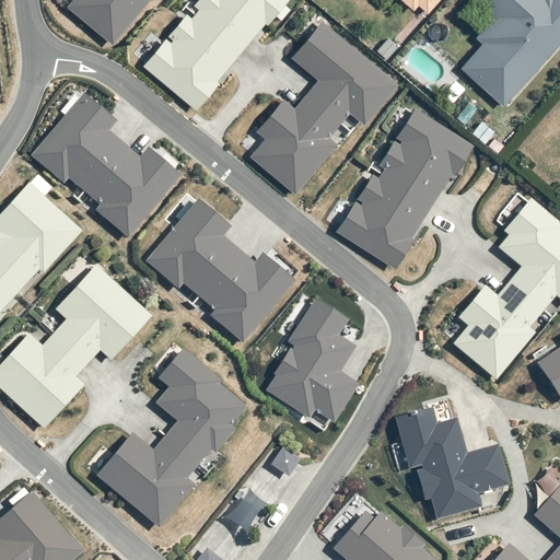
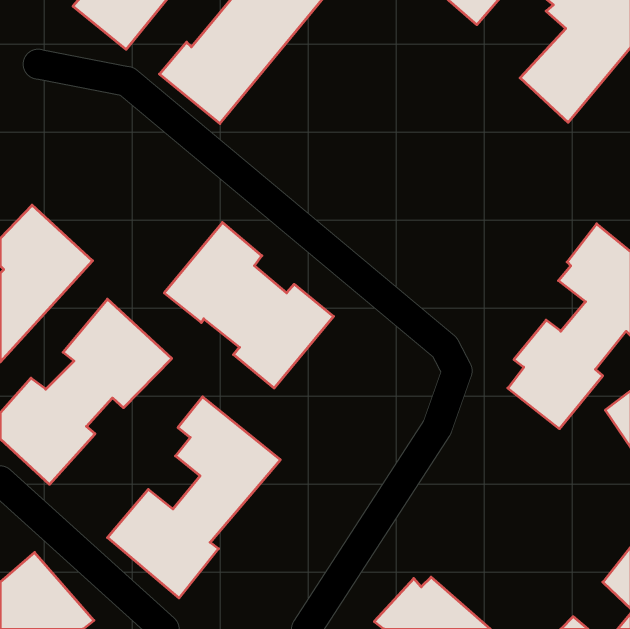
building: [249,20,398,195] -> none
building: [31,92,180,237] -> none
building: [335,107,474,269] -> none
building: [268,295,357,420] -> none
building: [394,407,510,520] -> none

